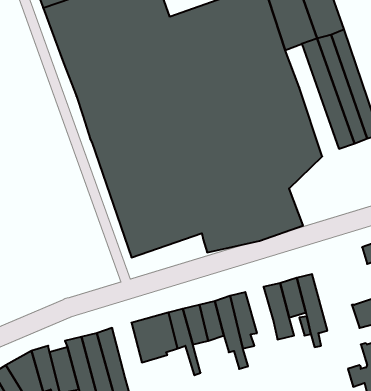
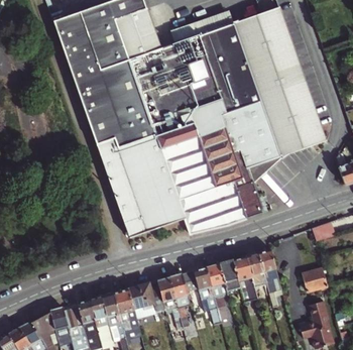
building: none -> [250,69,292,157]
building: none -> [219,260,241,297]
building: none -> [114,288,139,332]

